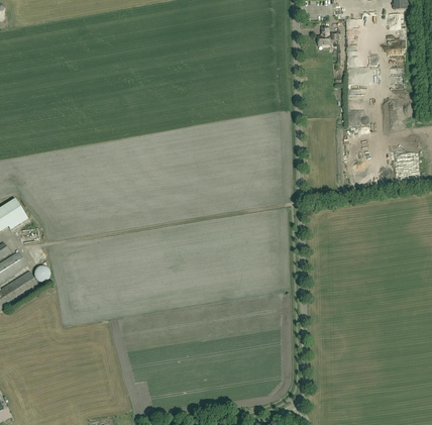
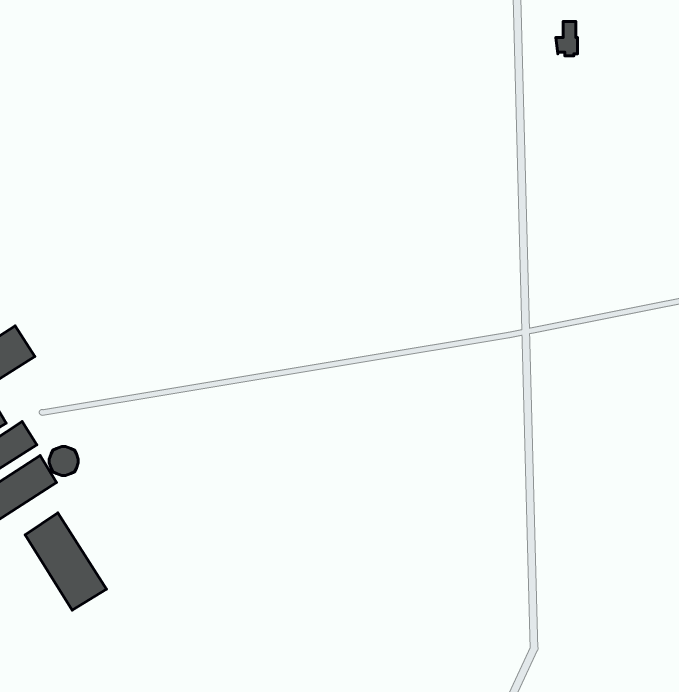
building: none -> [25,513,106,610]

